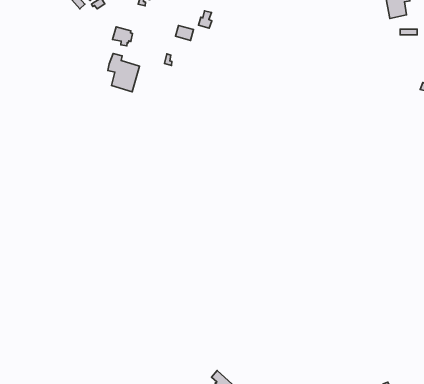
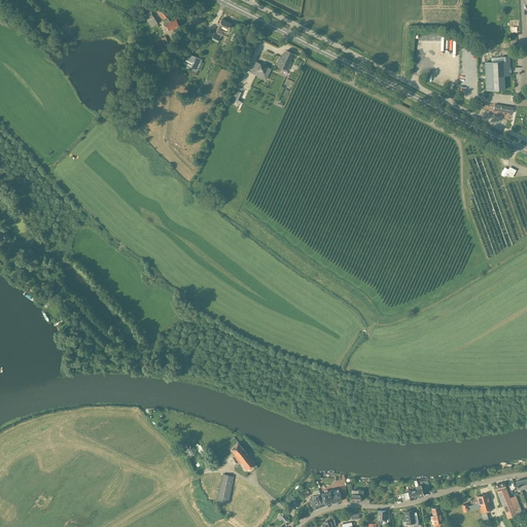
building: [108,53,140,92] -> none

